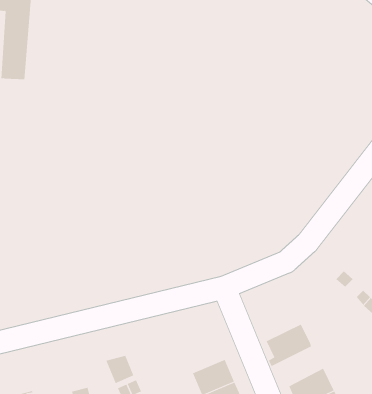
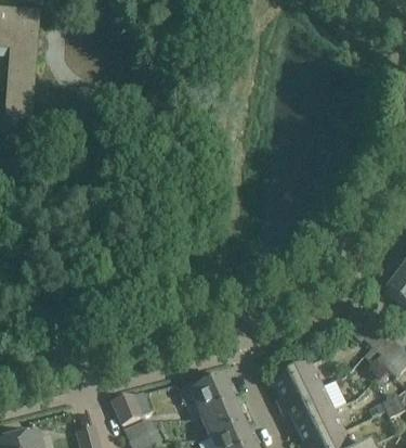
building: none -> [178,373,233,411]
building: none -> [279,384,332,424]

